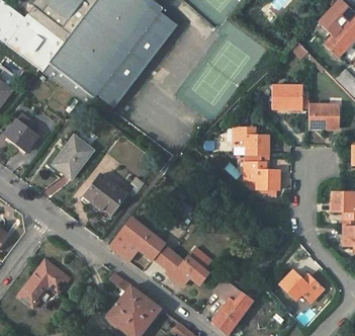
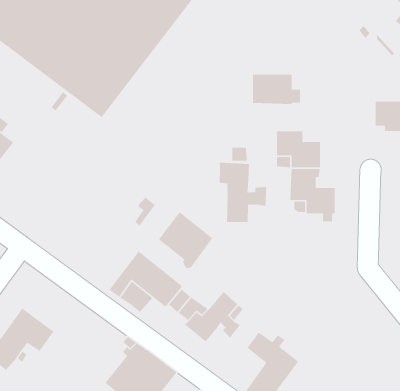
building: [272,85,308,108] -> [252,74,301,105]
building: [52,136,92,177] -> none
building: none -> [219,162,267,223]
building: [84,173,125,217] -> [158,211,213,269]
building: [279,269,323,301] -> none

